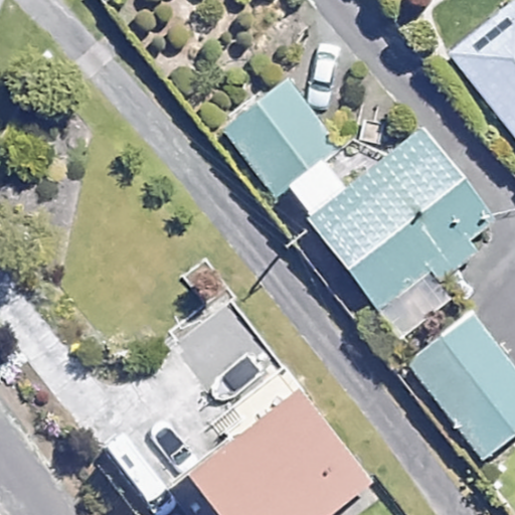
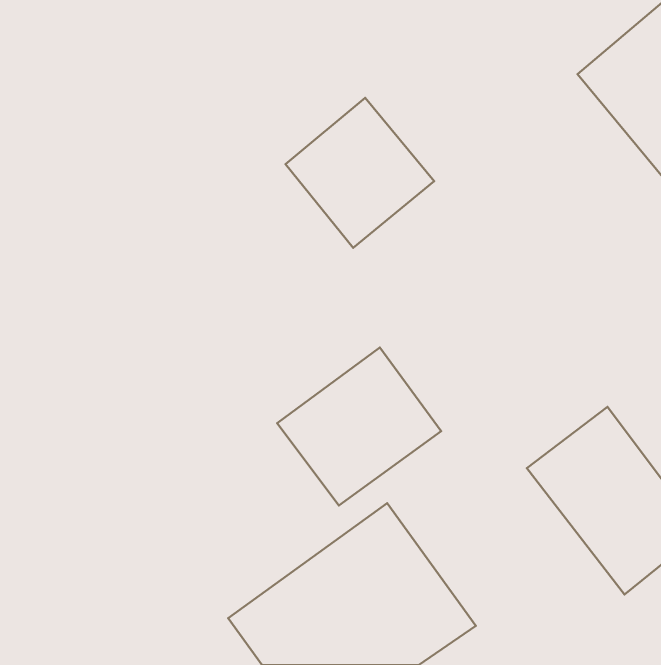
building: [305,132,498,322] -> none
building: none -> [277,347,441,506]

